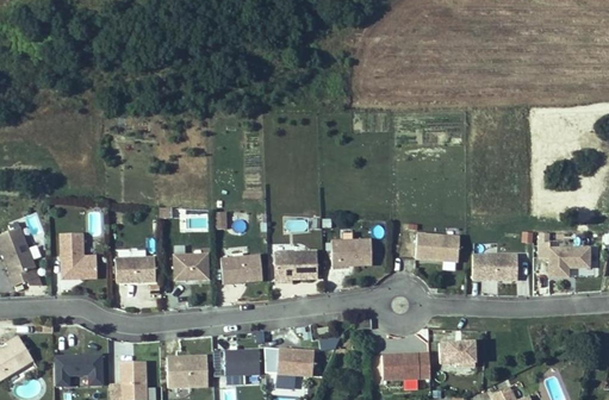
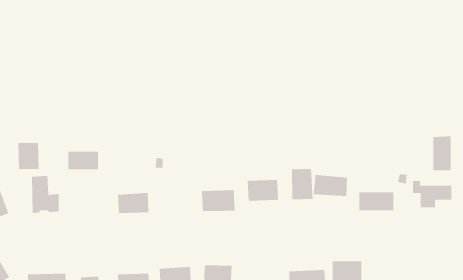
building: none -> [433,136,451,171]
building: none -> [18,142,39,170]
building: none -> [291,168,313,200]
building: [219,254,261,283] -> none
building: [114,257,154,281] -> [68,151,99,170]

